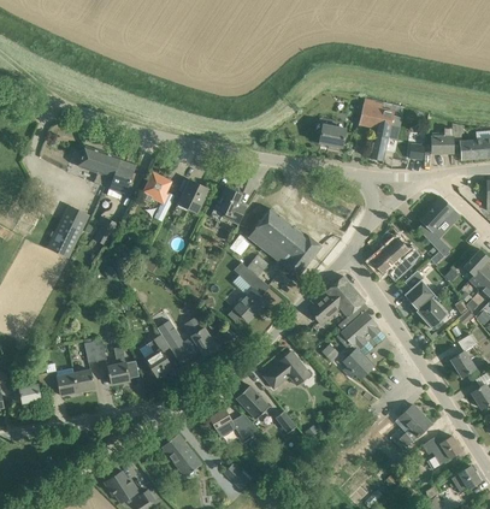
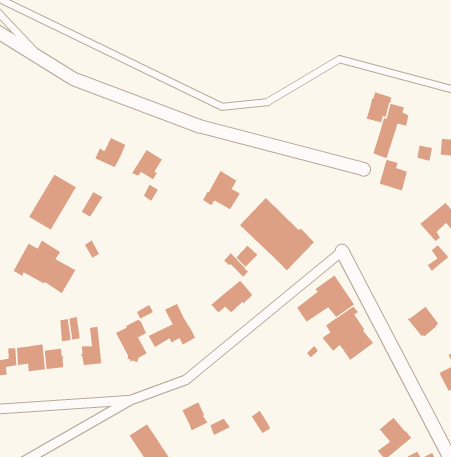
building: [319,119,346,148] -> [379,159,408,191]
building: [76,147,120,187] -> none
building: [173,180,206,219] -> none
building: [371,237,419,280] -> none
building: none -> [13,240,76,294]
building: [405,271,435,310] -> none
building: [343,343,373,379] -> none
building: [264,351,309,389] -> none
building: [236,385,270,419] -> none

